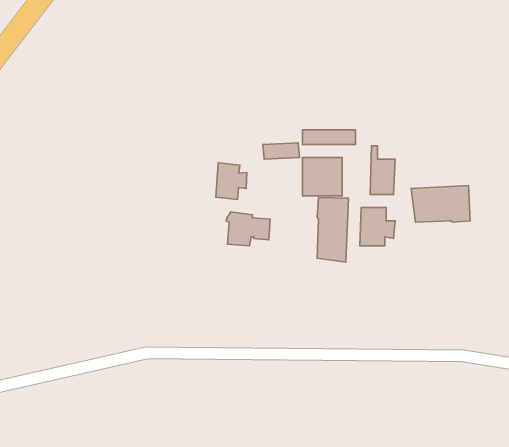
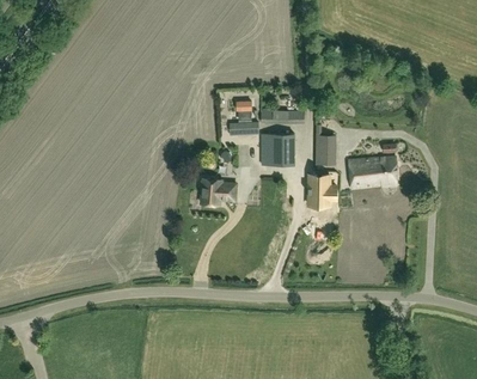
building: [216,163,247,199] -> none
building: [317,197,348,262] -> none

